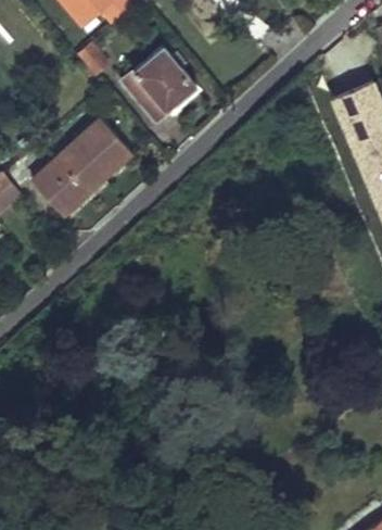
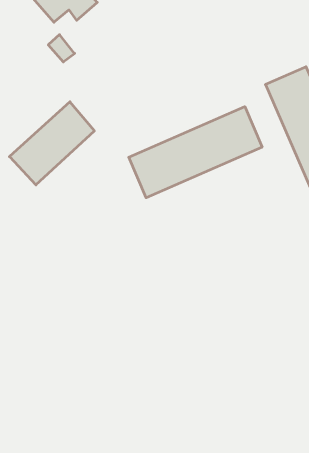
building: [123,47,195,125] -> none
building: none -> [129,107,262,198]

